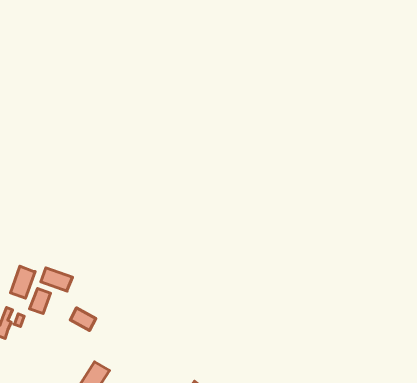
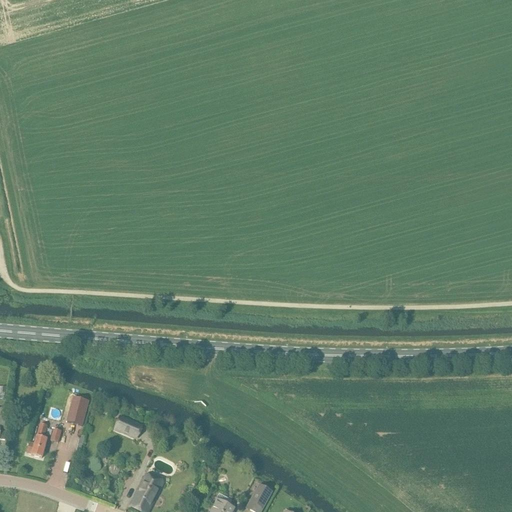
building: [10,266,35,298] -> none
building: [41,268,72,291] -> none

